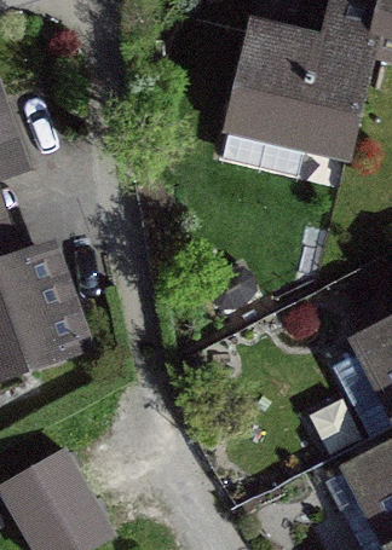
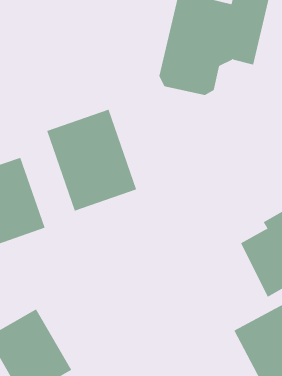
building: none -> [47,109,137,212]

